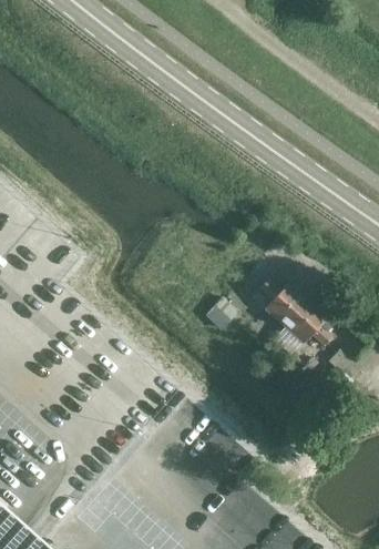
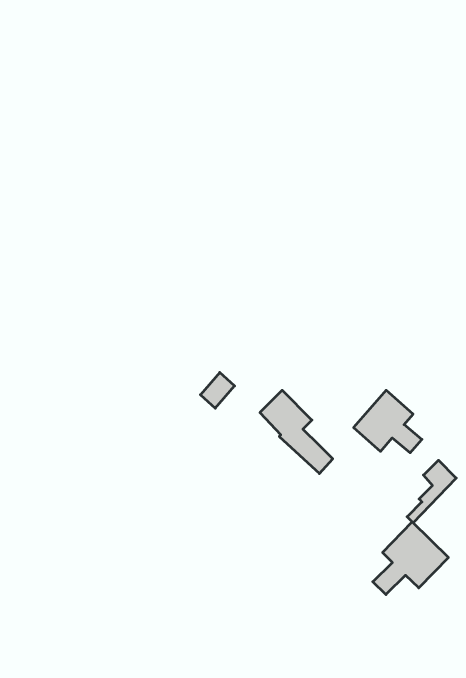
building: [260,274,308,323] -> none
building: none -> [373,522,448,595]

